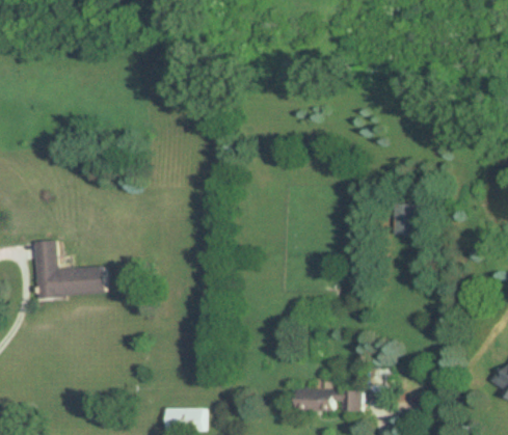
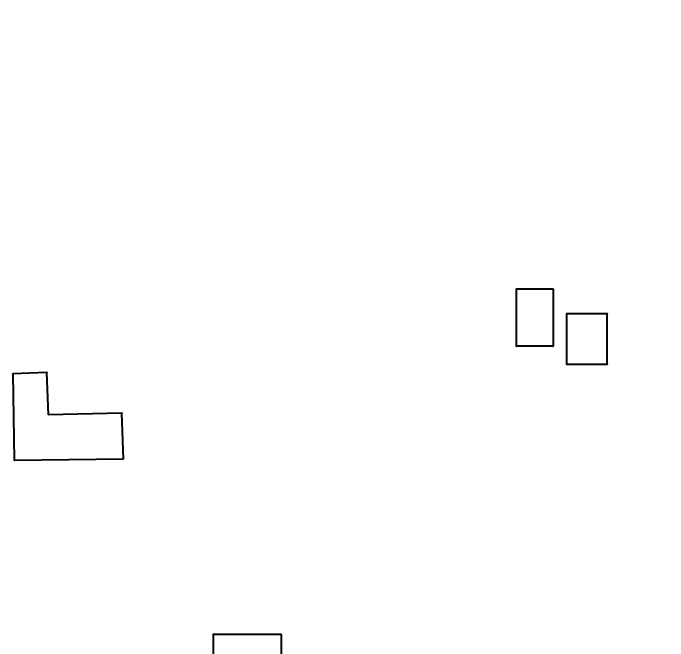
building: none -> [516,289,553,346]
building: [297,388,362,410] -> none

